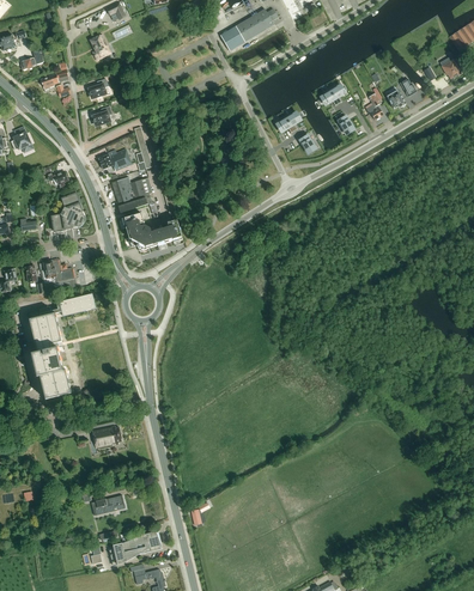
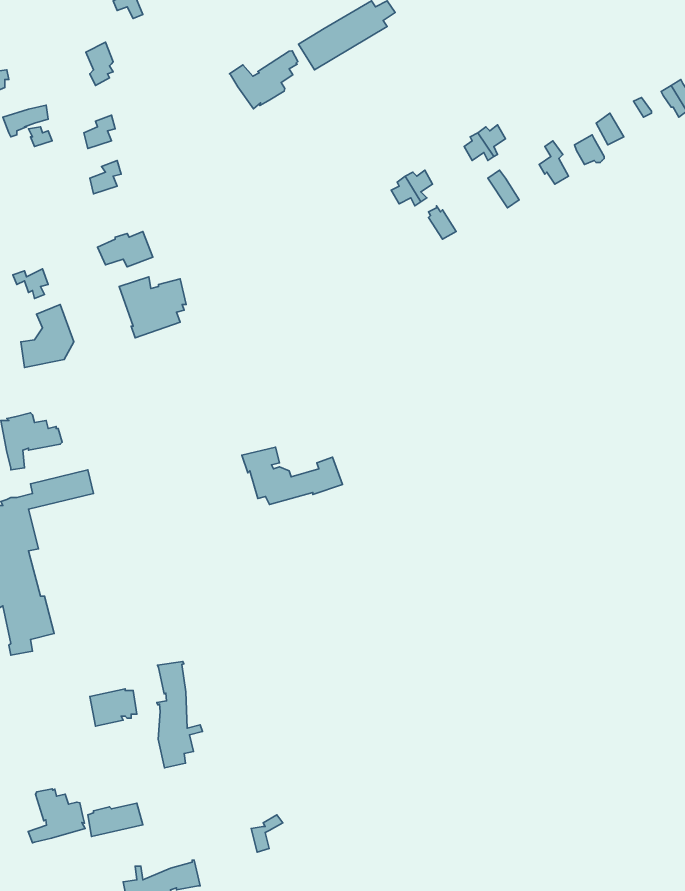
building: none -> [230,51,298,109]
building: [122,213,183,248] -> [242,447,342,504]
building: none -> [157,661,203,768]
building: none -> [28,789,85,843]

